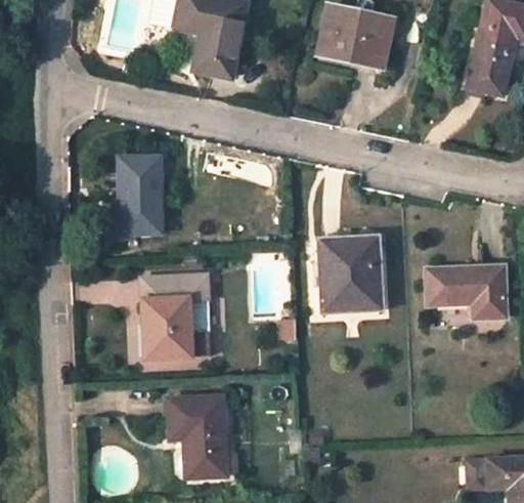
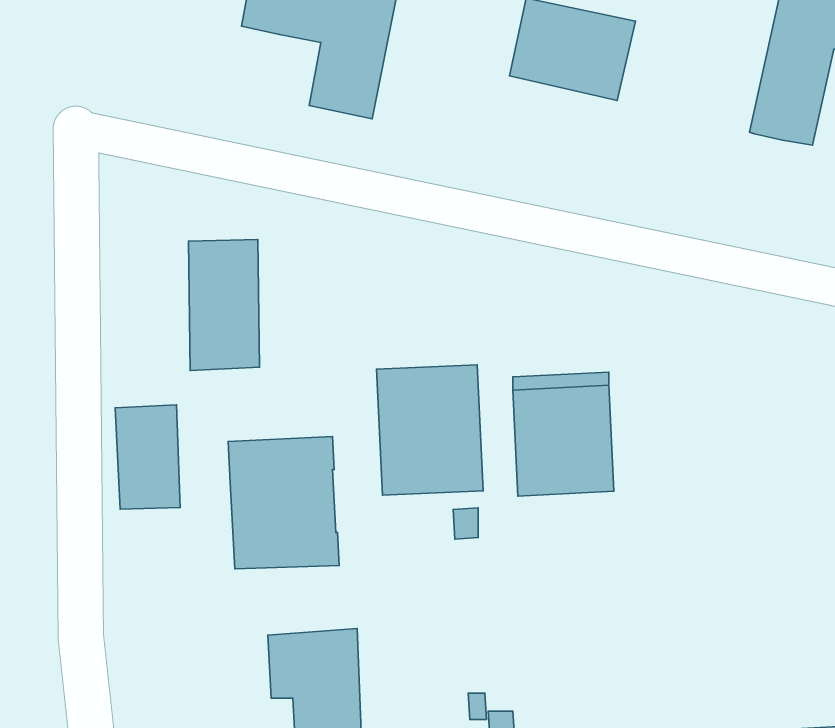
building: none -> [376,365,483,495]
building: none -> [115,405,180,509]
building: [426,266,506,319] -> none

